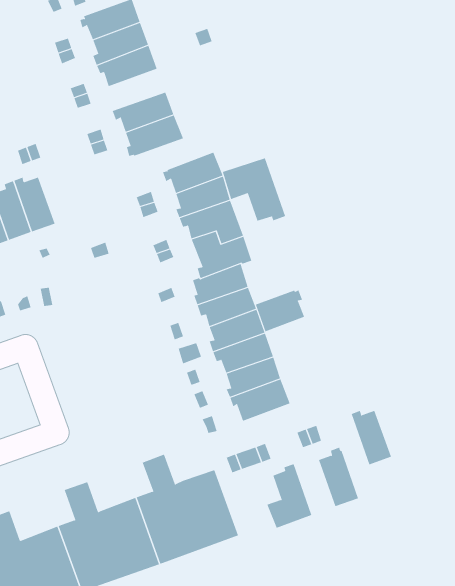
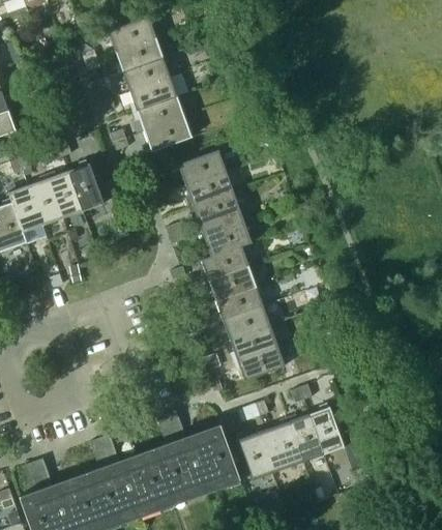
building: none -> [128,78,178,114]
building: [222,157,286,221] -> none
building: none -> [68,159,104,211]
building: [255,289,305,332] -> none
building: [351,410,392,465] -> [289,415,324,463]
building: none -> [237,429,277,481]

